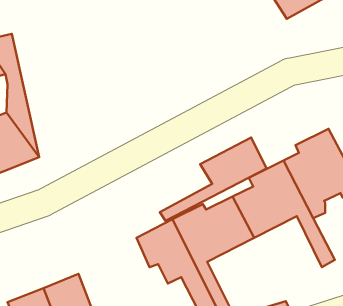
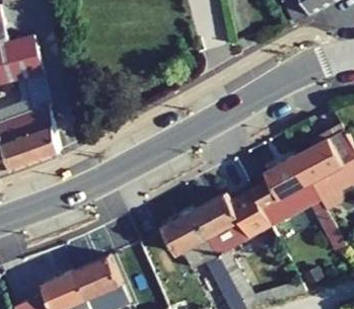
building: [160,138,267,221] -> none

